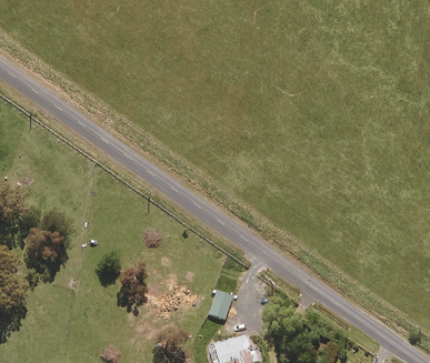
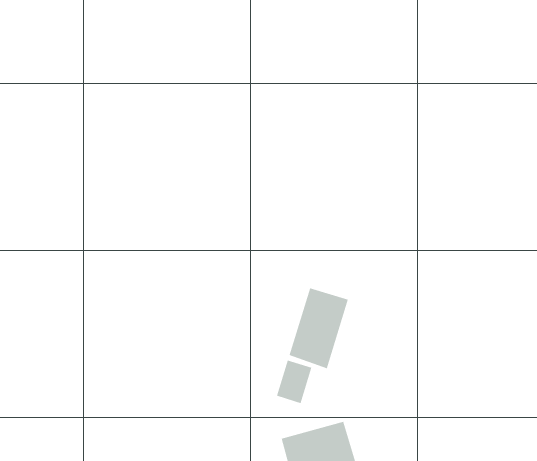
building: none -> [289,287,348,369]

